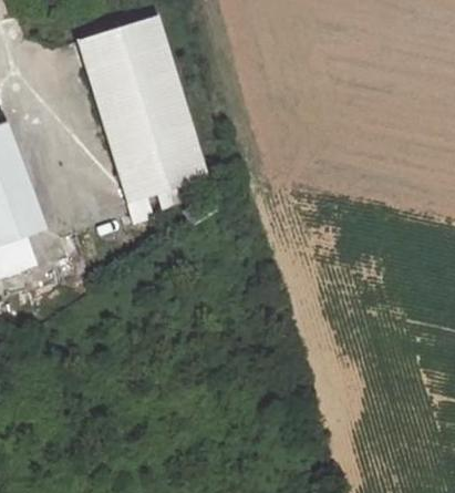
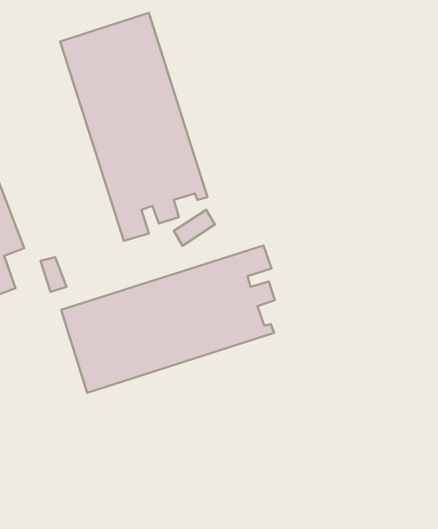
building: none -> [61,245,275,393]

